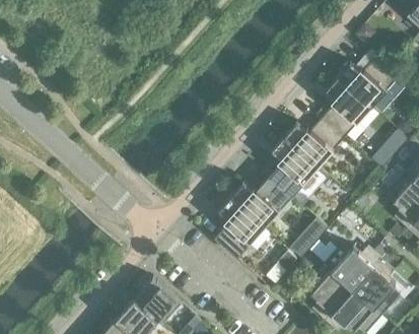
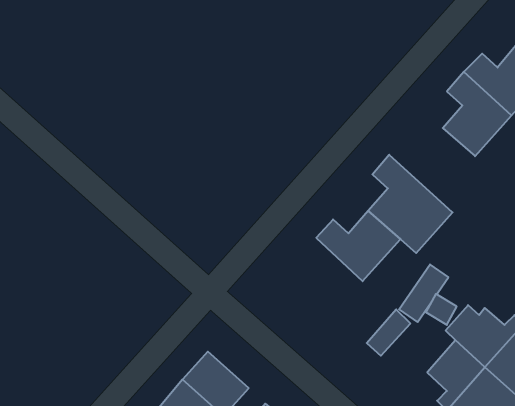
building: [285,117,347,168] -> none
building: [216,196,266,258] -> none

